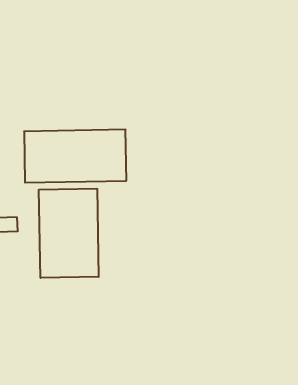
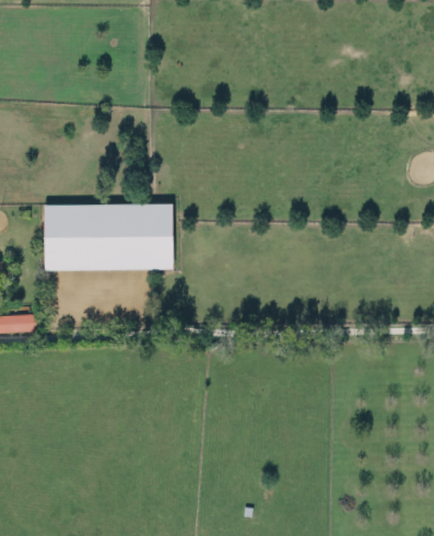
building: [39,189,99,278] -> none

